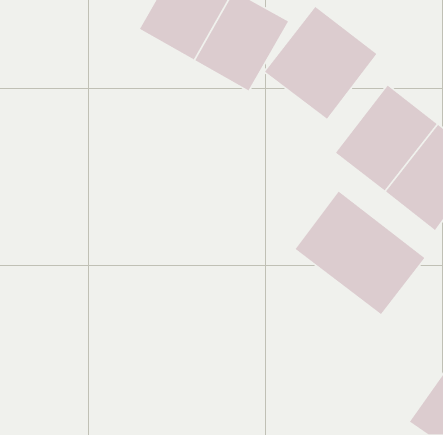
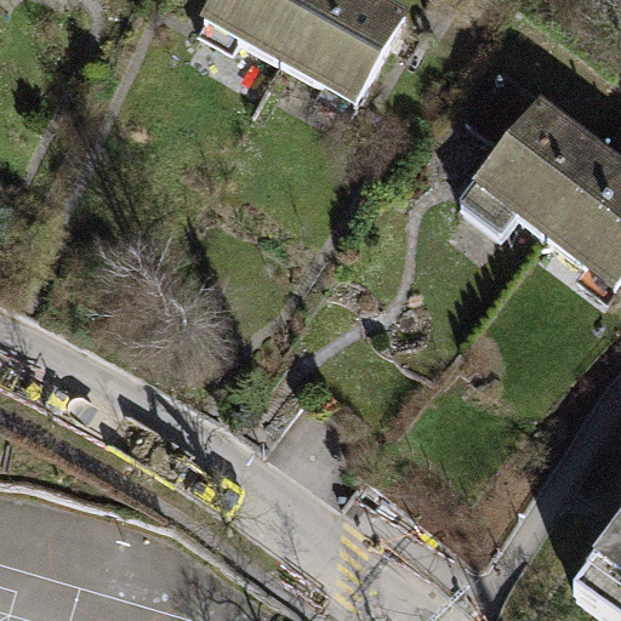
building: [264,6,377,120] -> none
building: [295,191,426,315] -> none

